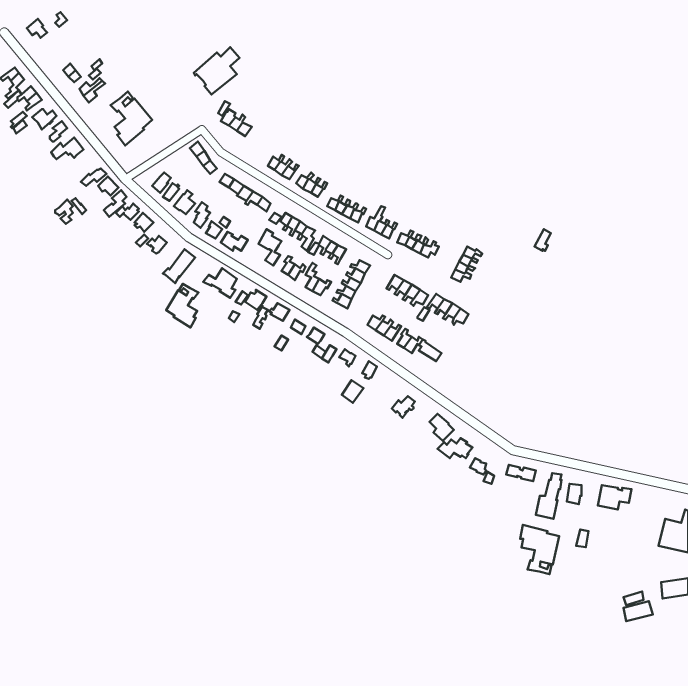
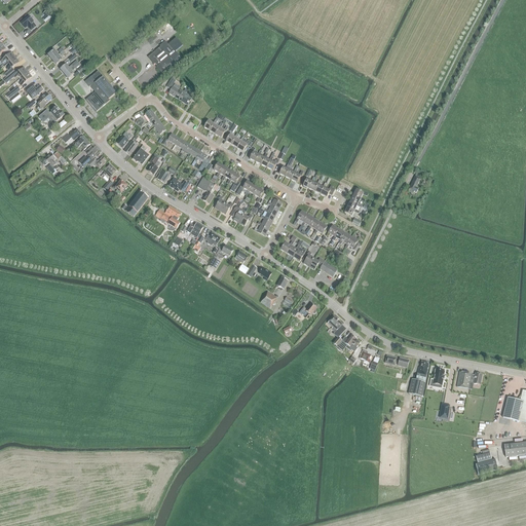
building: [166,284,198,328] -> none
building: [520,525,559,574] -> none

